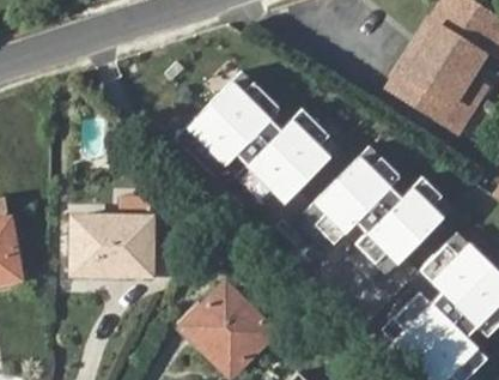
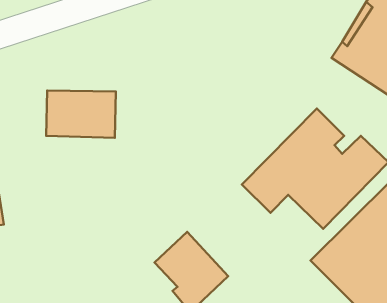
building: [177,68,341,200] -> none
building: [75,223,154,277] -> [46,90,116,138]

